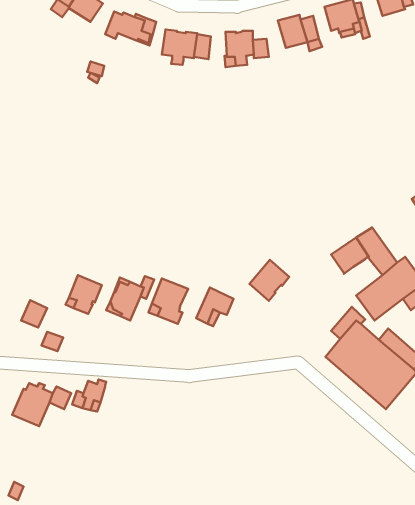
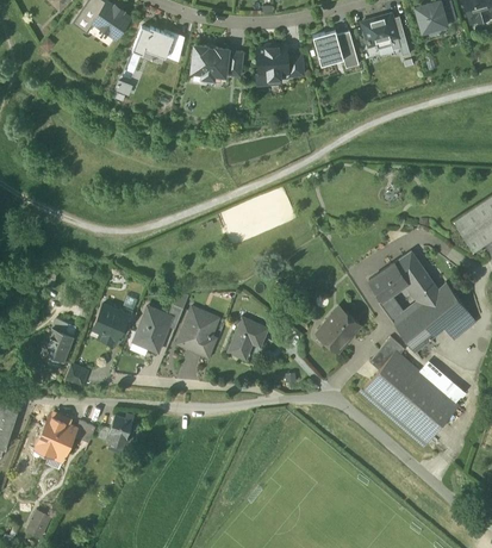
building: none -> [379,284,423,324]
building: [249,260,289,301] -> [318,307,360,350]

